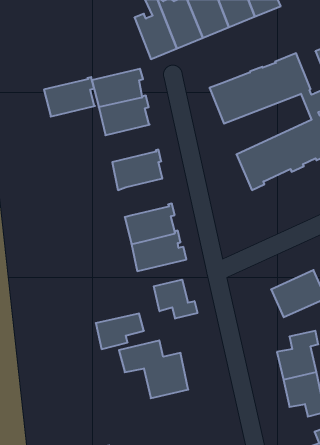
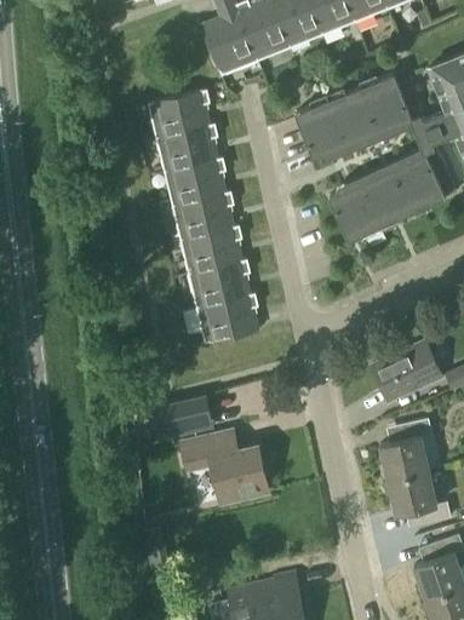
building: [44,77,95,117] -> [164,156,228,206]
building: none -> [179,224,244,275]
building: [154,280,197,319] -> none

